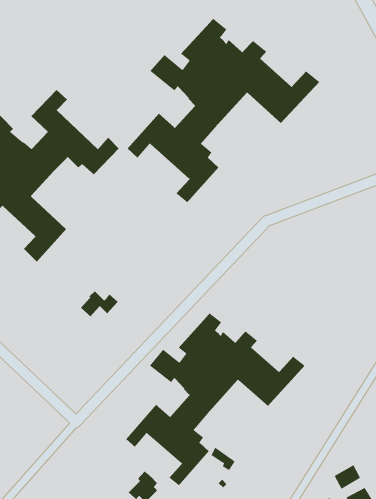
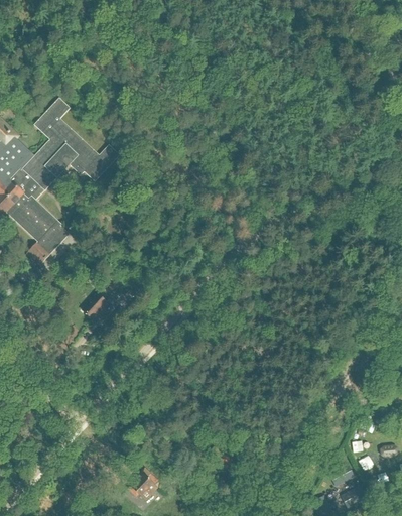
building: [127,18,320,203] -> none
building: [125,312,306,486] -> none

